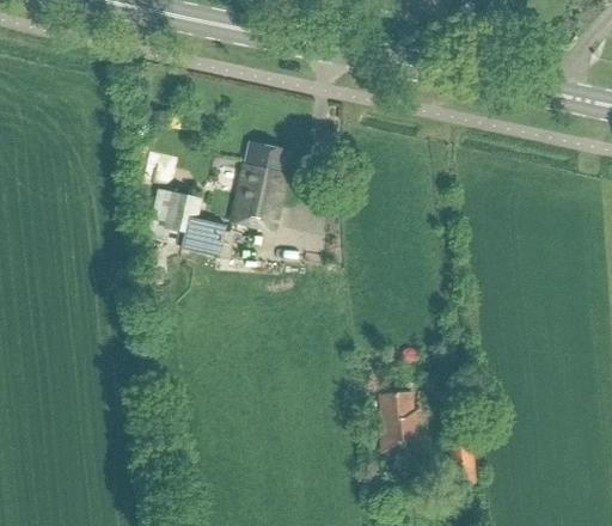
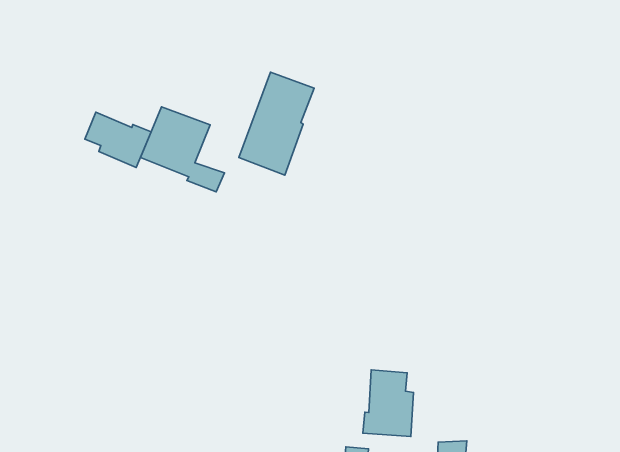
building: none -> [85,112,151,167]

